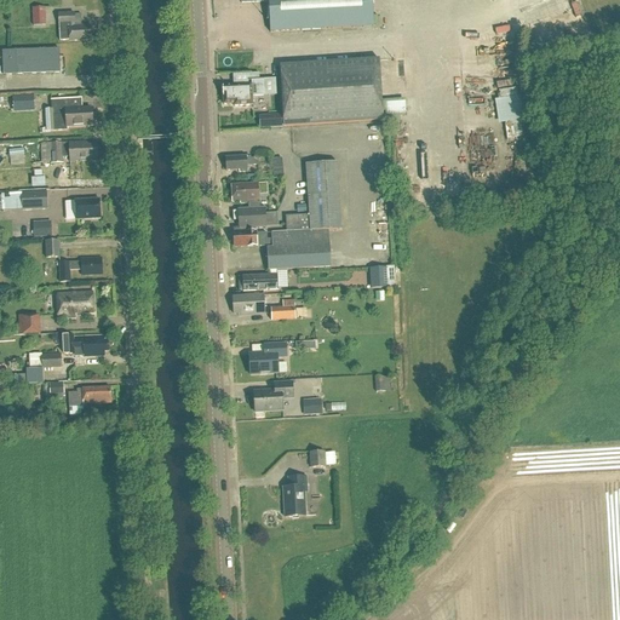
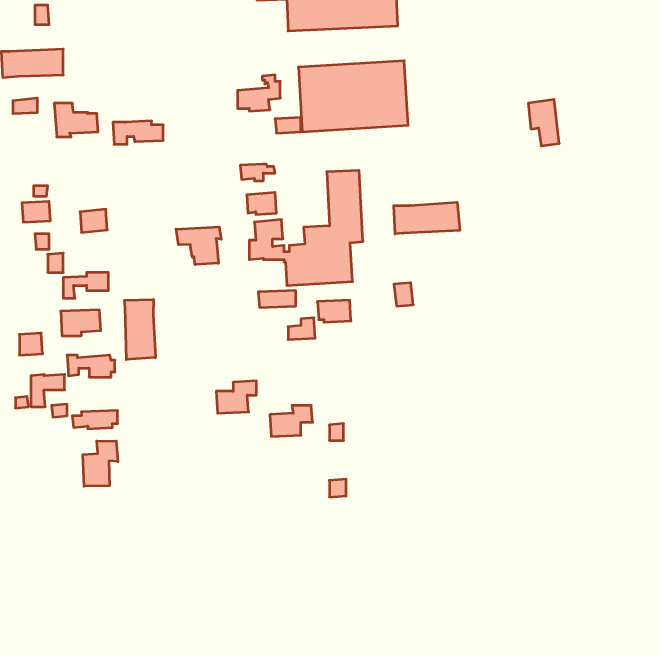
building: [58,11,91,39] -> none
building: [50,139,97,161] -> [113,121,163,144]
building: none -> [394,202,460,234]
building: none -> [176,227,221,265]
building: none -> [125,299,155,360]
building: [232,293,264,314] -> [317,300,351,322]
building: [248,341,286,372] -> [216,381,256,413]
building: none -> [83,441,118,486]
building: [283,473,306,515] -> none

